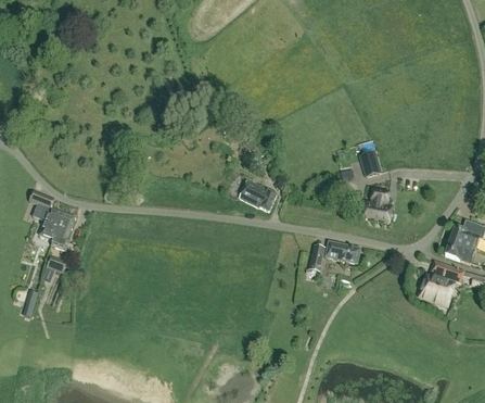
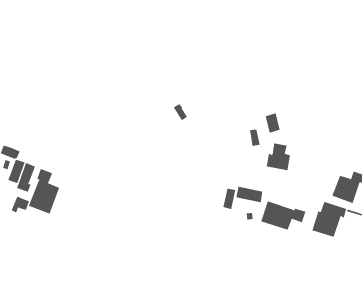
building: [240,180,277,211] -> none
building: none -> [28,168,60,214]
building: none -> [260,200,306,230]

